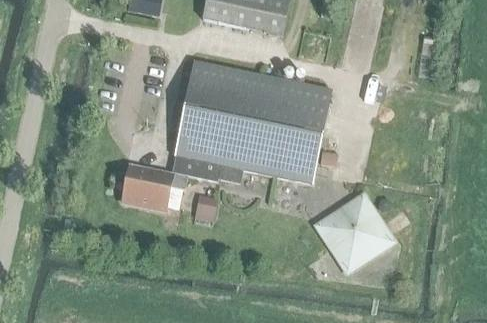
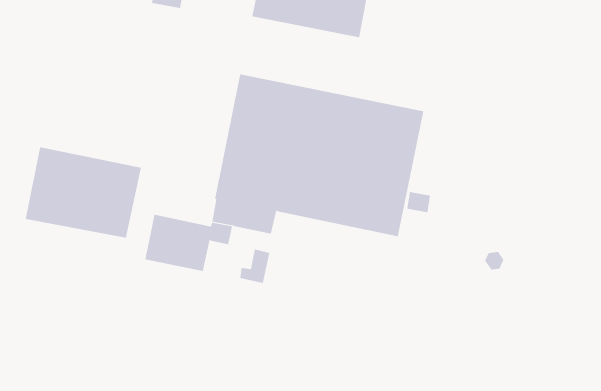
building: none -> [25,146,141,238]
building: [319,198,391,270] -> none

